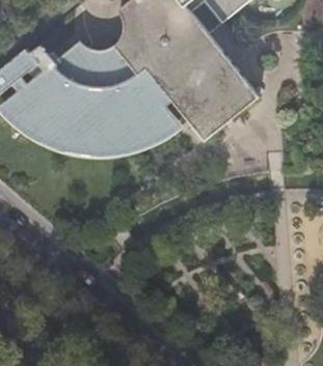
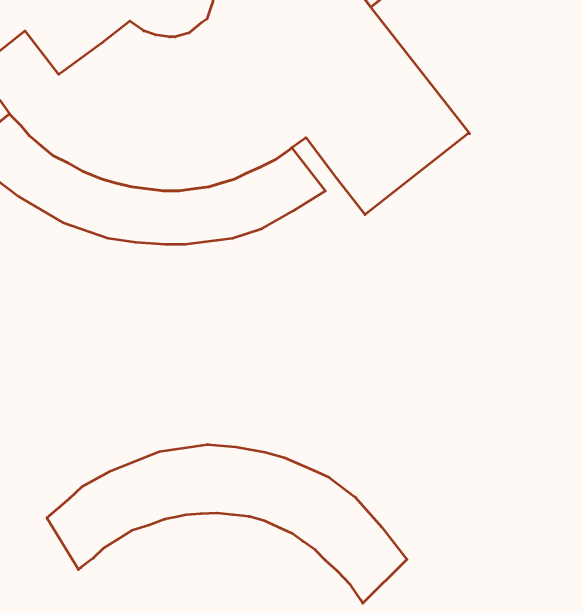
building: none -> [47,444,407,603]

